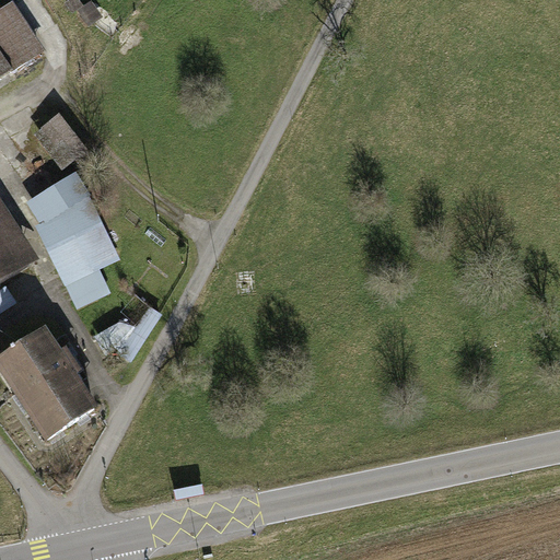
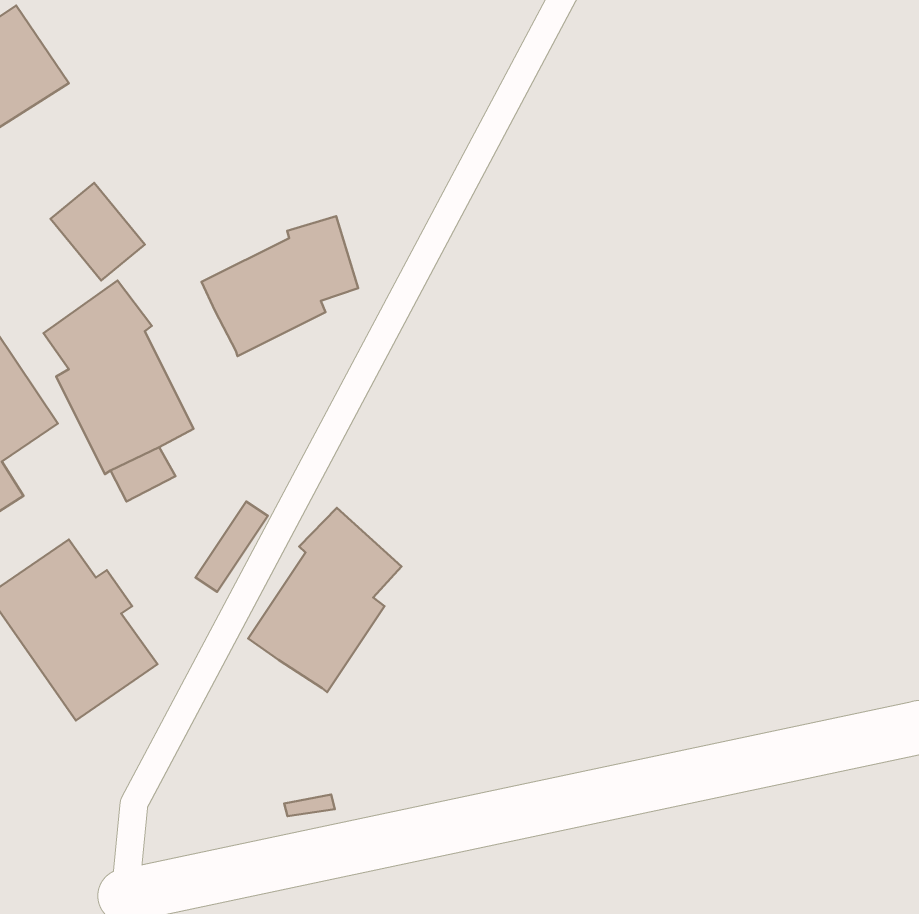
building: none -> [201,216,358,356]
building: none -> [248,508,401,692]

